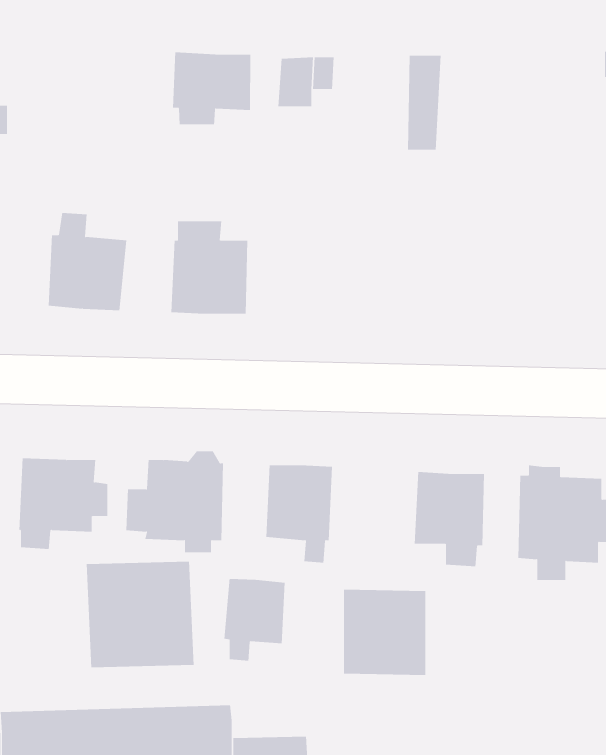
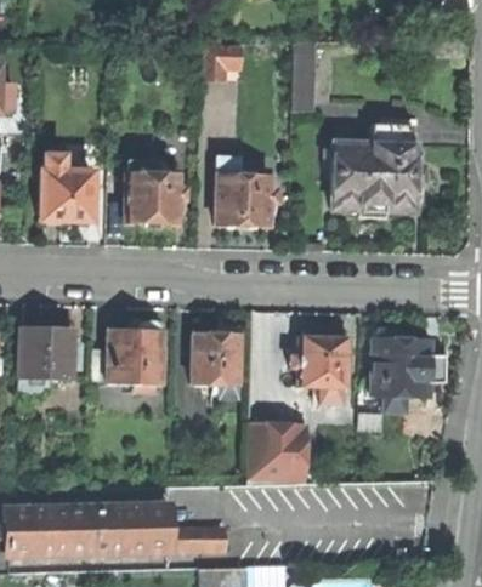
building: [173,52,251,125] -> none
building: none -> [331,126,419,222]
building: none -> [217,159,280,227]
building: [86,561,194,668] -> none
building: [224,578,285,662] -> none

